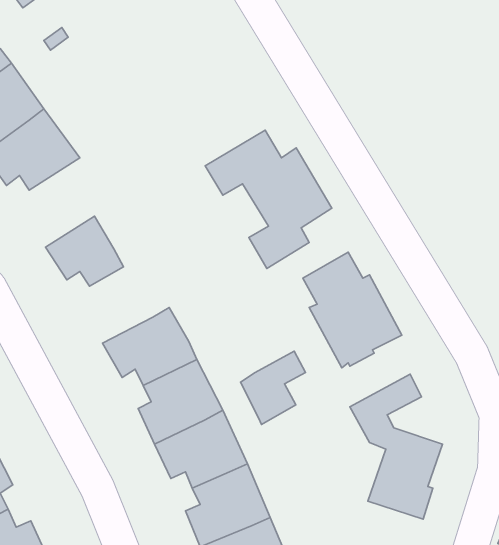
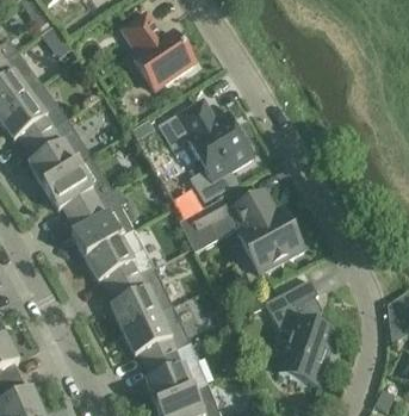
building: none -> [120,11,193,89]
building: none -> [27,119,89,185]
building: none -> [70,188,132,255]
building: [240,351,306,424] -> [179,198,227,252]

